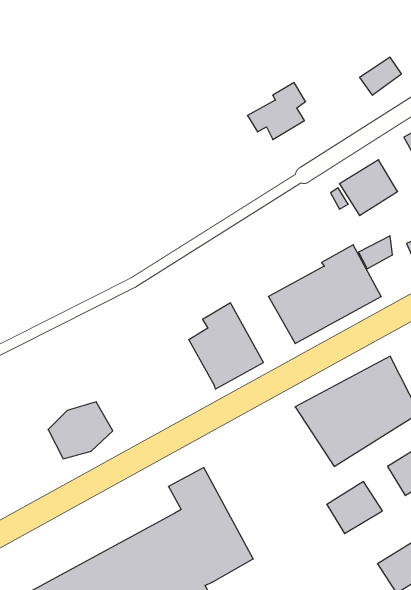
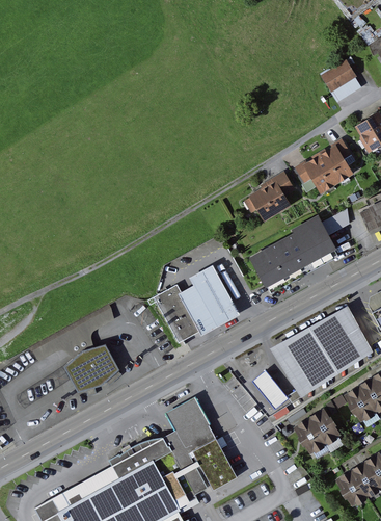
building: [247,83,306,140] -> [244,173,292,219]
building: none -> [155,284,201,341]
building: none -> [250,370,287,410]

